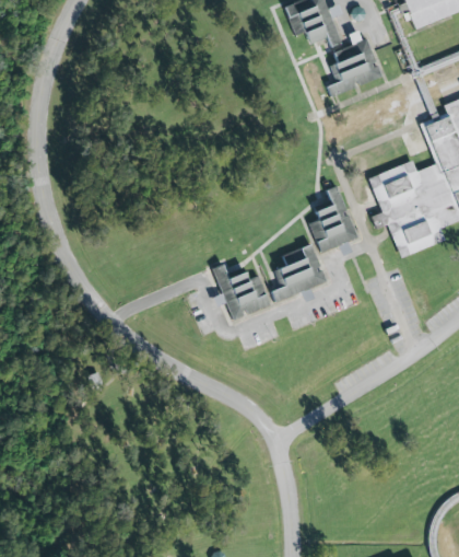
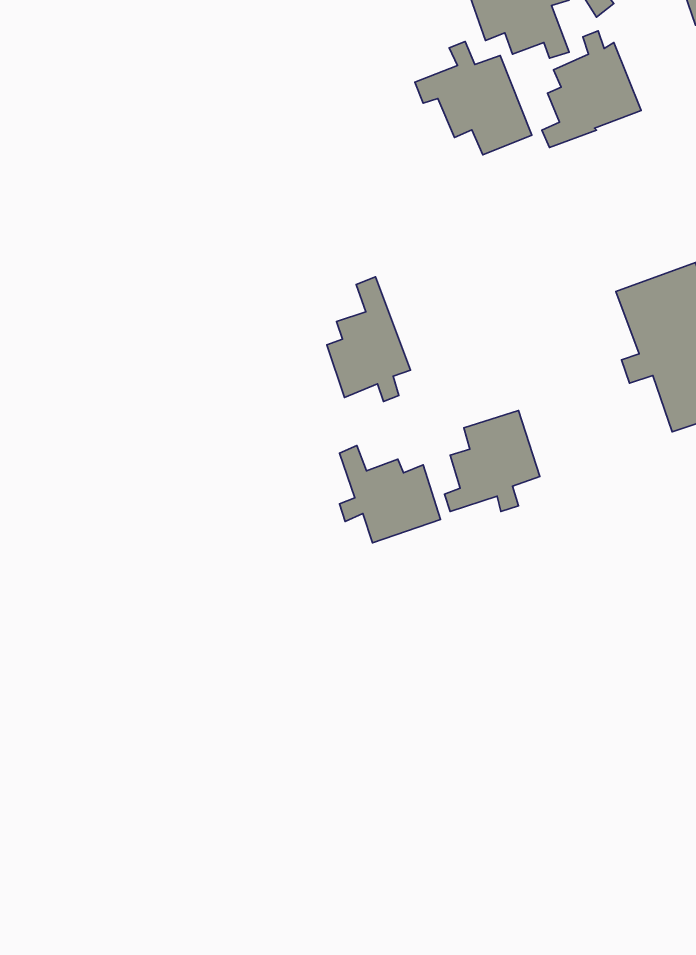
building: none -> [415,42,532,155]
building: [309,184,356,254] -> [327,277,411,401]

